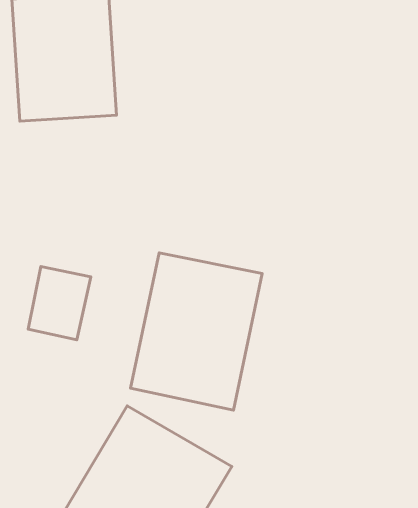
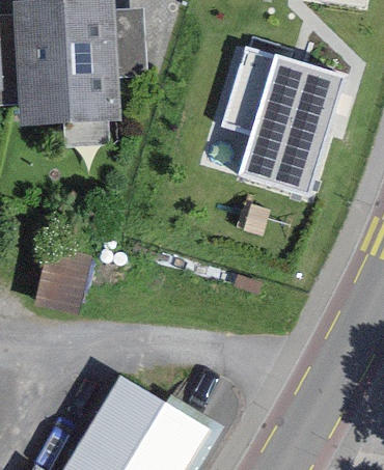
building: none -> [219,49,338,193]
building: [131,253,262,410] -> none

